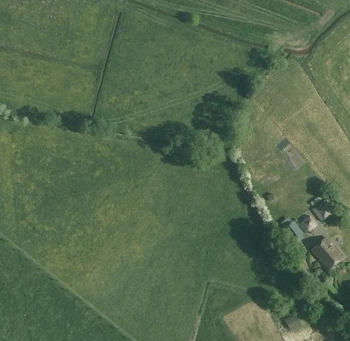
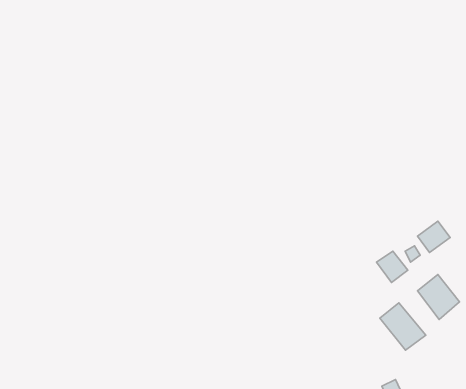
building: none -> [380,303,426,350]

